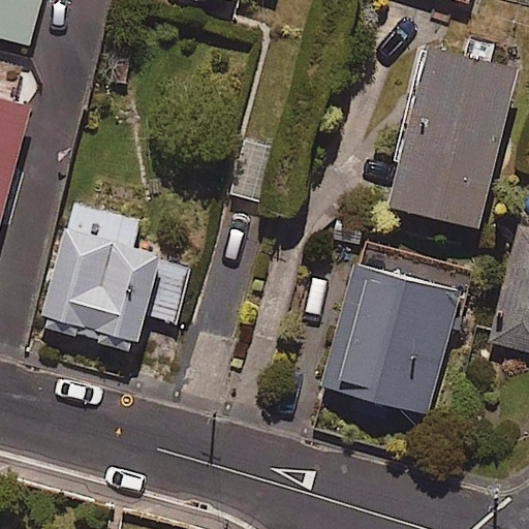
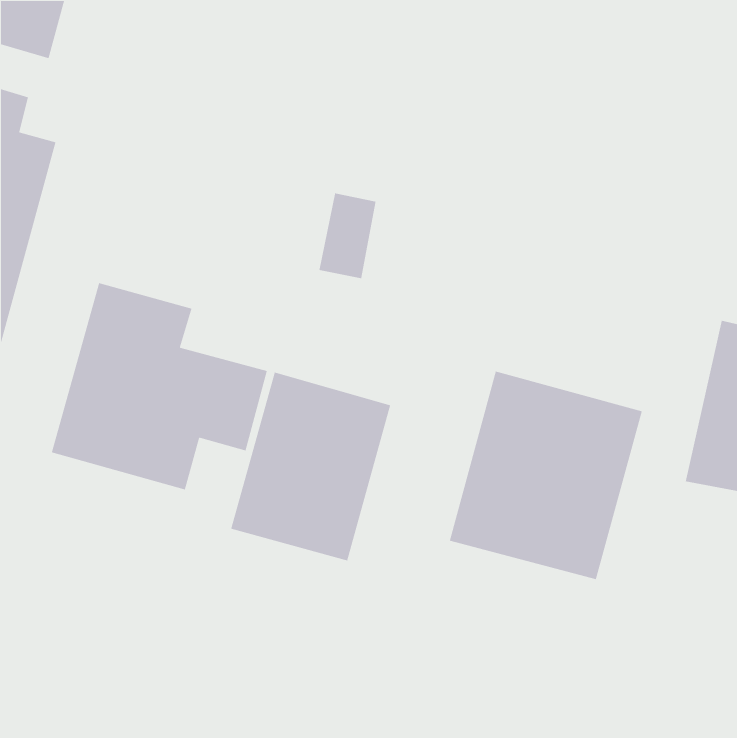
building: [367,40,501,220] -> none
building: none -> [230,371,391,561]

